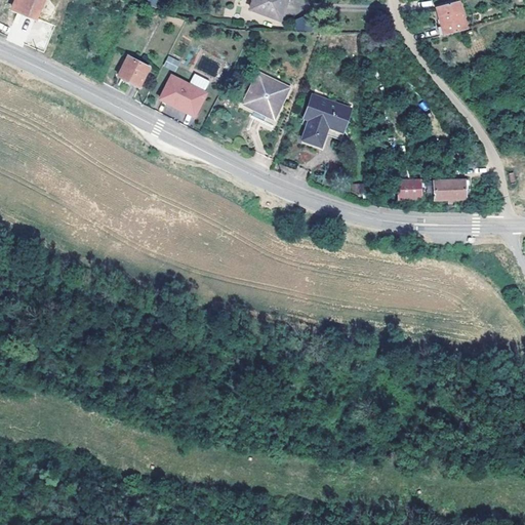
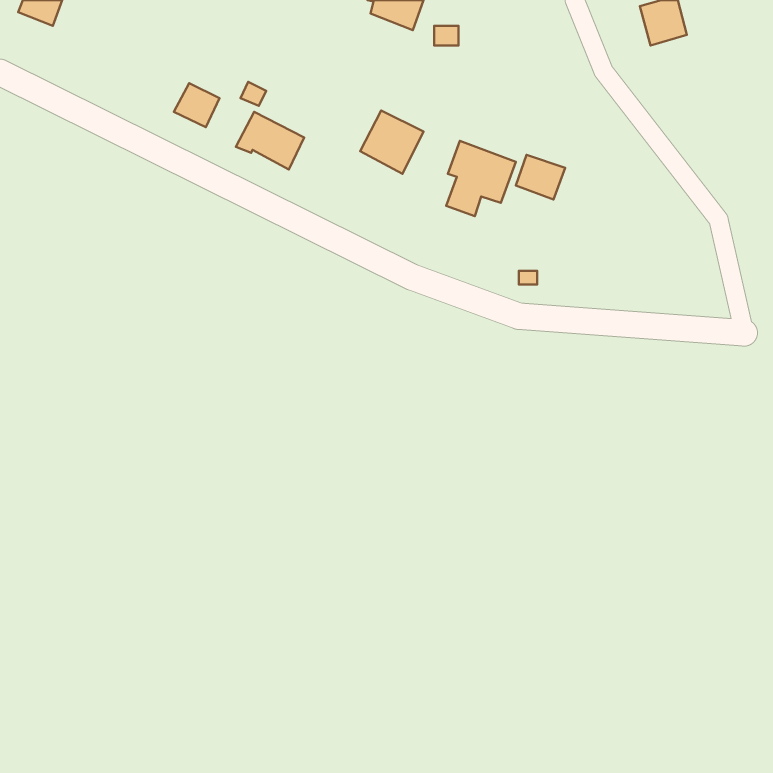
building: none -> [516,155,565,200]
building: [397,179,421,200] -> none
building: [427,180,466,200] -> none

